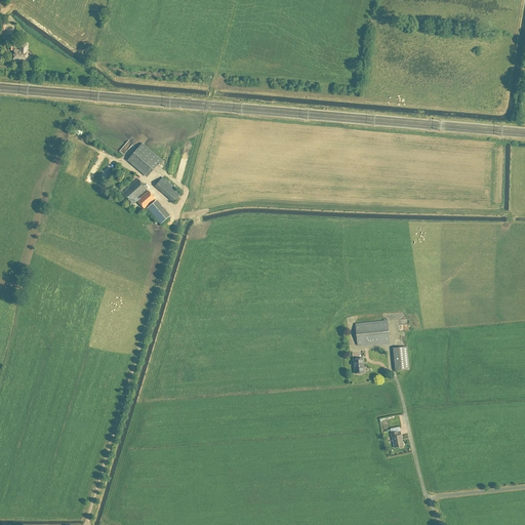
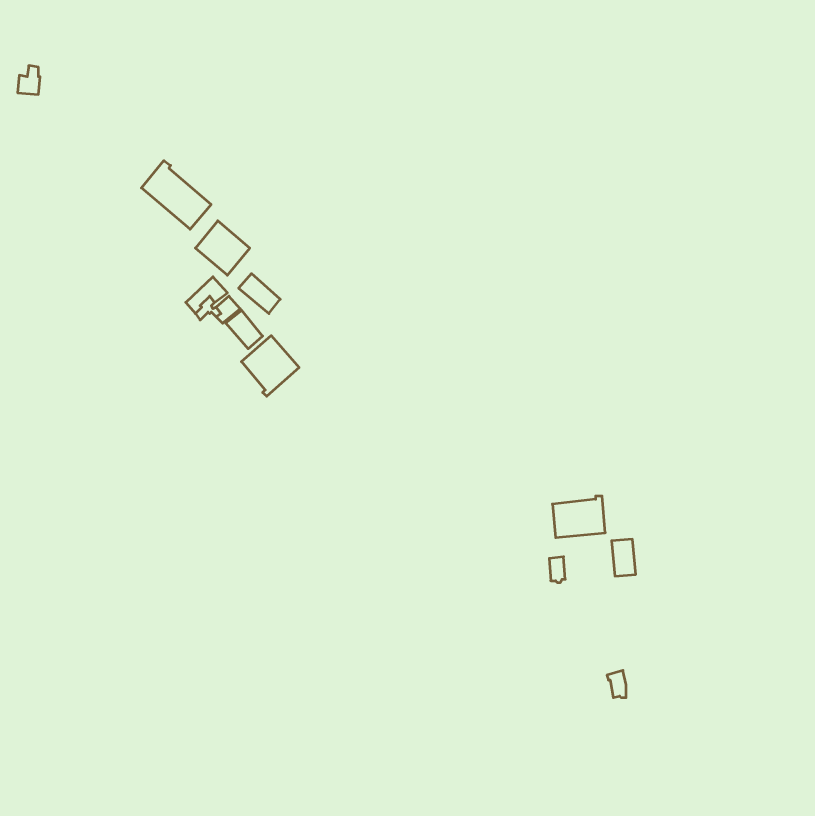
building: none -> [141,161,211,229]
building: none -> [241,336,299,396]

